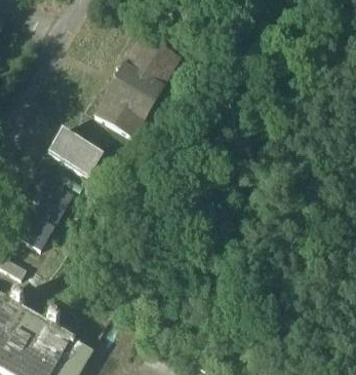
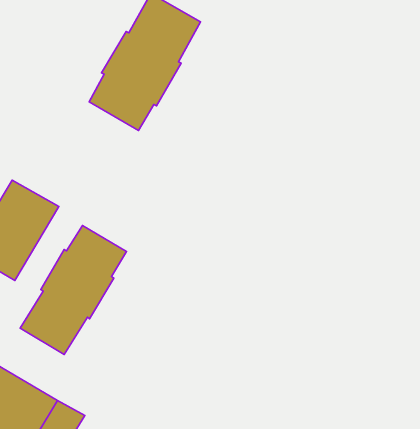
building: [48,127,104,175] -> none
building: none -> [20,225,126,354]

